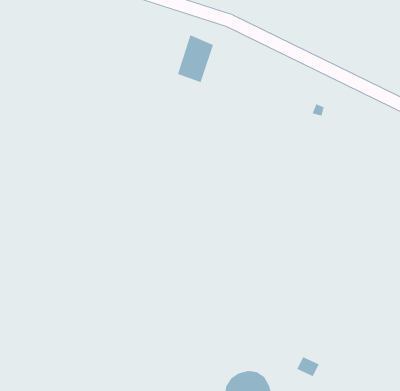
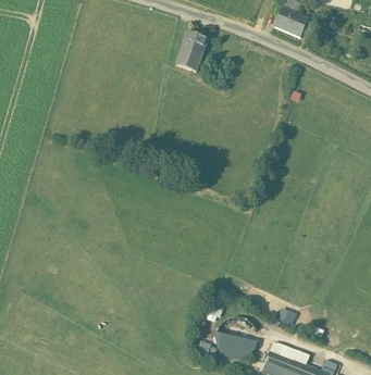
building: none -> [274,9,308,39]

